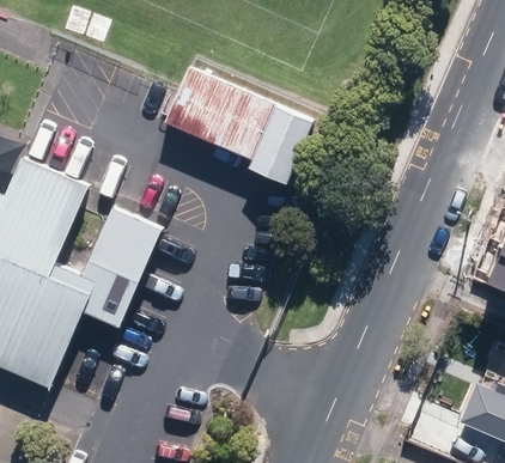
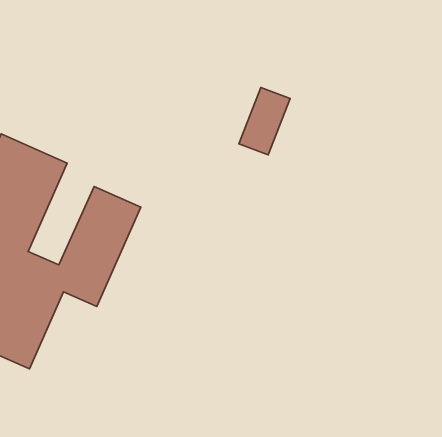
building: [162,66,275,158] -> none

